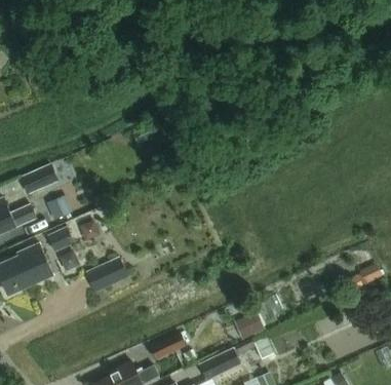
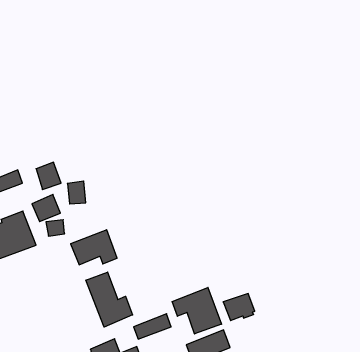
building: [18,166,56,196] -> none
building: none -> [86,272,133,327]
building: none -> [172,287,222,334]

